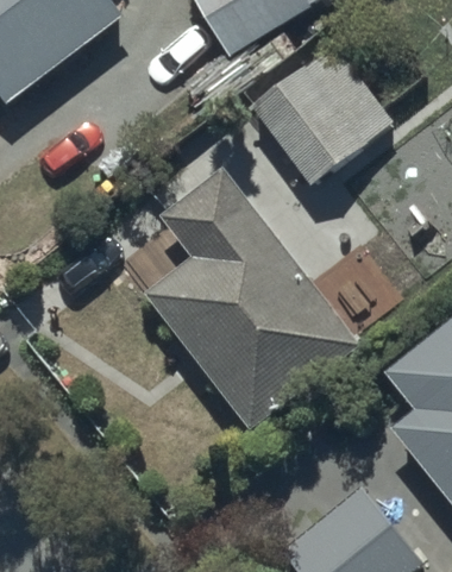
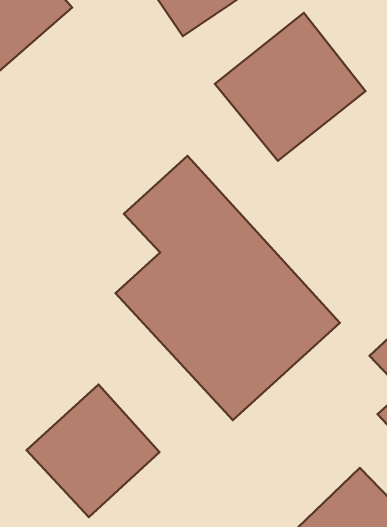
building: none -> [27,384,159,517]

